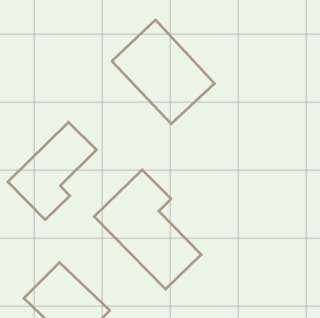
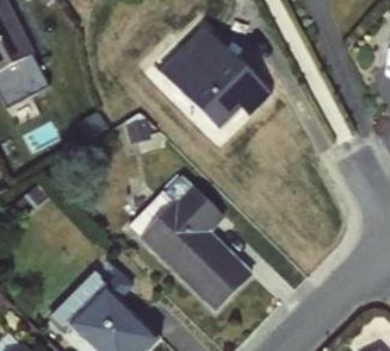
building: [8,122,96,220] -> none

